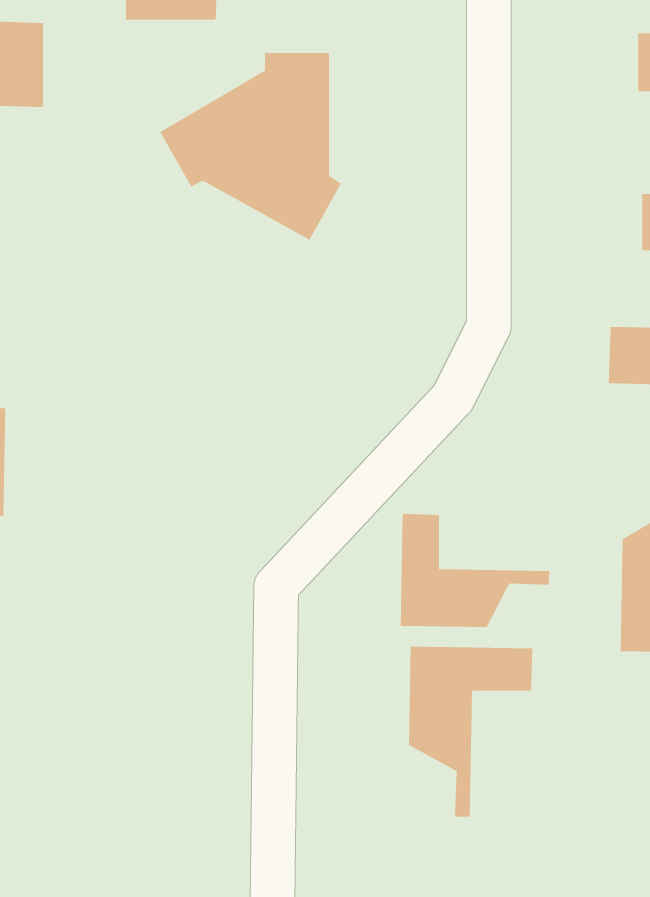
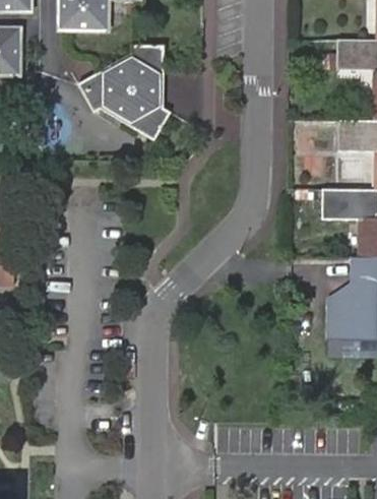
building: [400,513,550,628] -> none
building: [408,646,533,818] -> none

